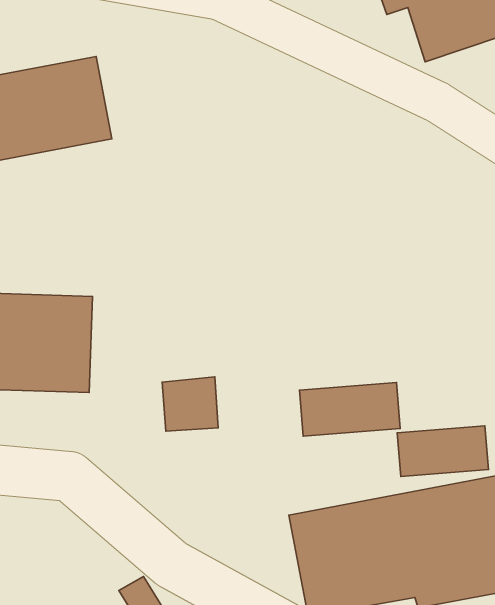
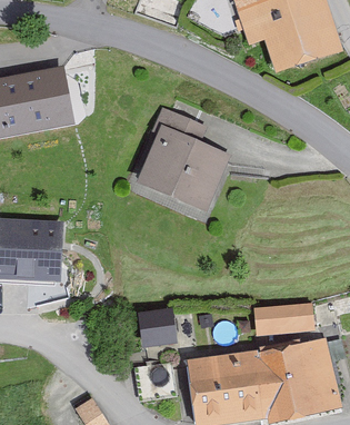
building: none -> [138,108,230,210]
building: [162,377,218,431] -> [139,312,174,346]
building: [299,382,400,436] -> none

